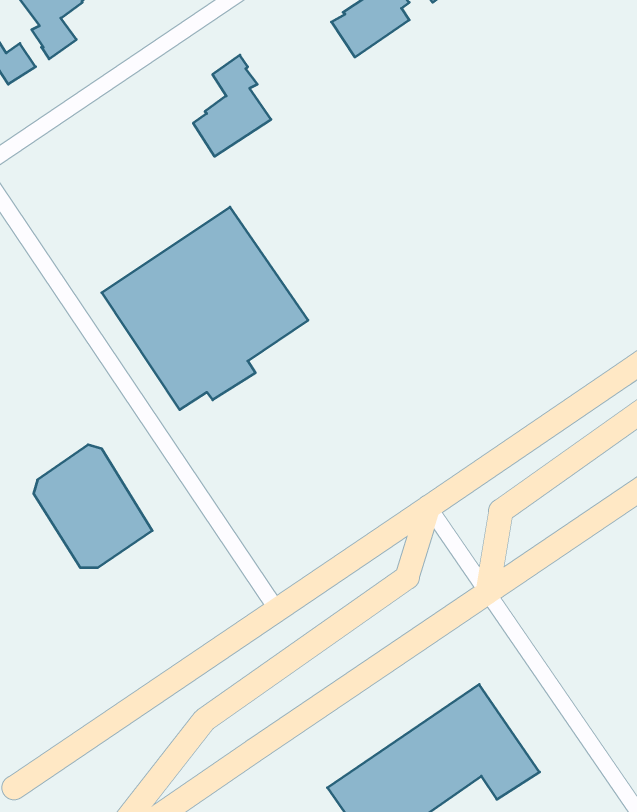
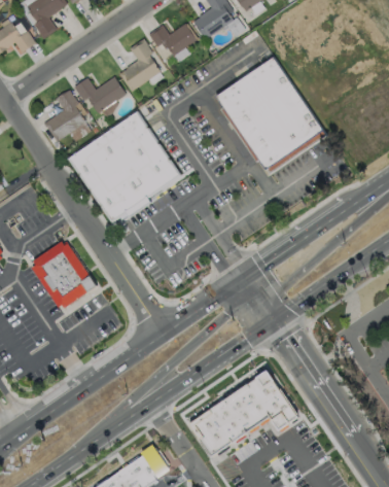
building: none -> [147,21,197,54]
building: none -> [218,60,326,174]
building: none -> [73,74,125,111]
building: none -> [42,88,84,140]

